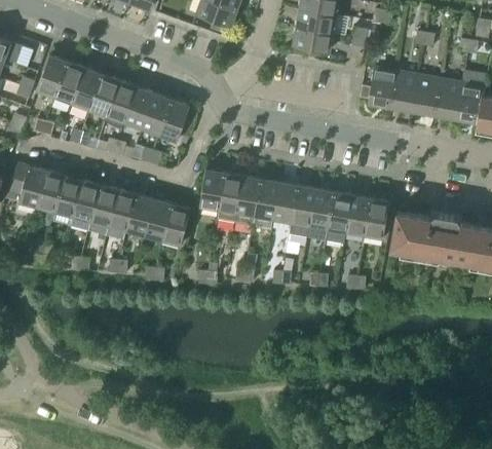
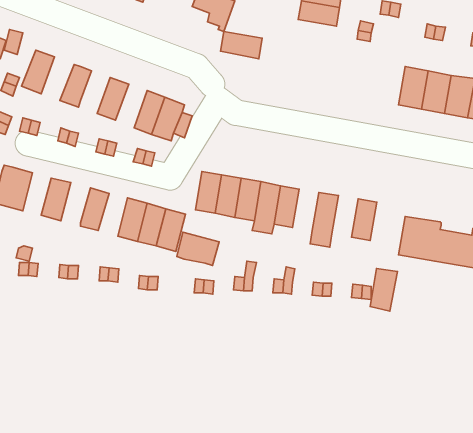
building: [293,28,332,53] -> [221,32,262,59]
building: [54,63,85,104] -> none
building: [367,68,396,108] -> none
building: [89,76,119,116] -> none
building: [124,88,154,129] -> none
building: [37,172,64,212] -> none
building: [70,181,101,232] -> none
building: [289,187,315,238] -> none
building: [108,191,136,231] -> none
building: [328,193,352,232] -> none
building: [364,199,389,239] -> [370,268,397,311]
building: none -> [177,232,219,266]

